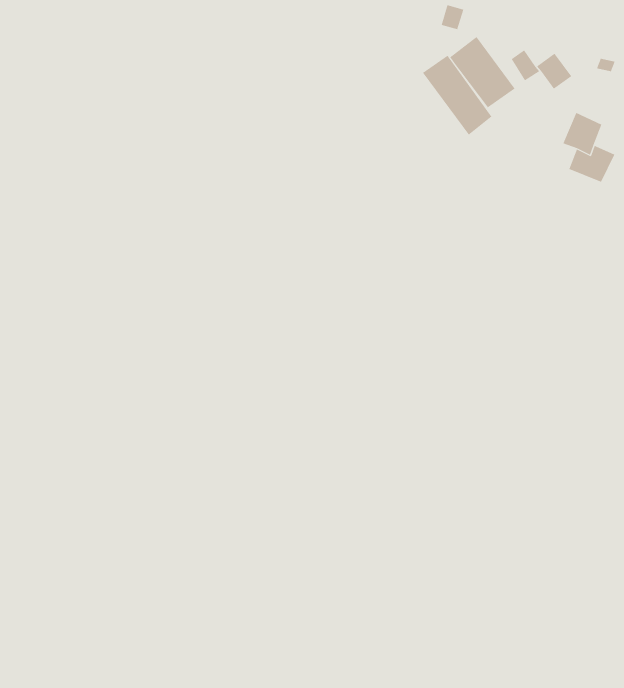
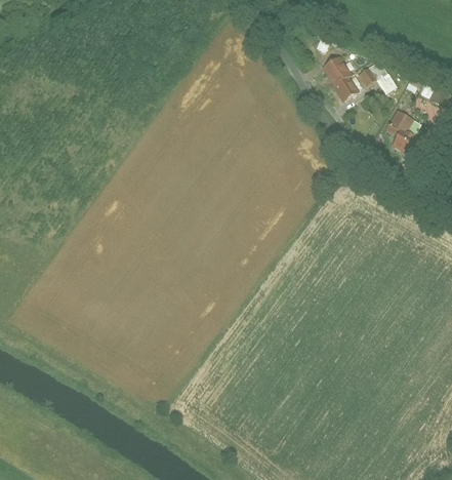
building: [422,55,492,135] -> none

